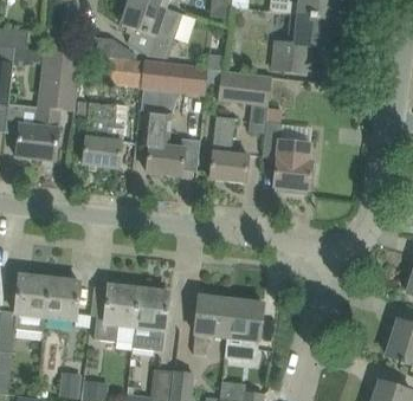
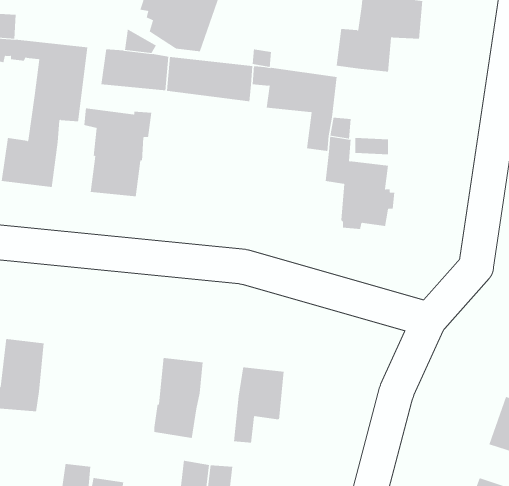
building: [142,106,186,174] -> none
building: [209,115,249,181] -> none
building: [45,278,79,318] -> none
building: [92,285,138,342] -> none
building: [224,299,263,360] -> none

